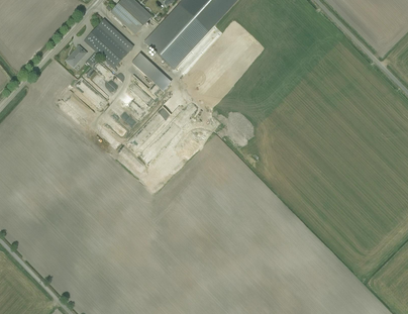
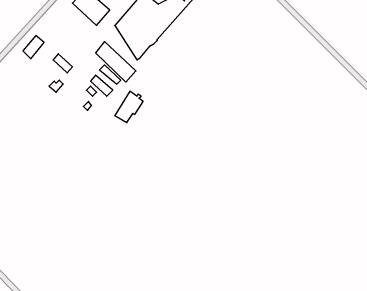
building: [84,17,133,66] -> none

